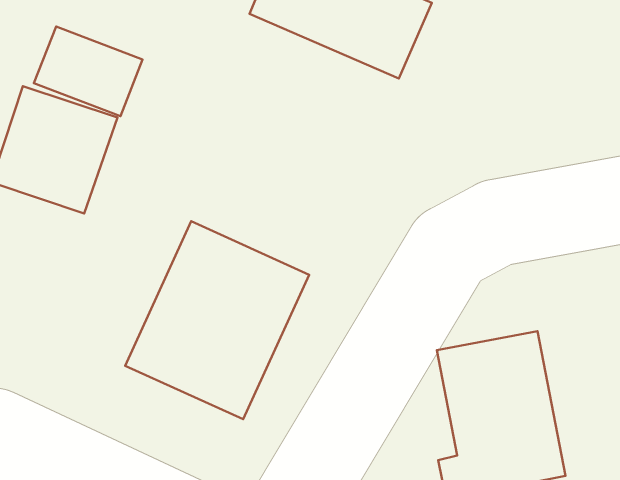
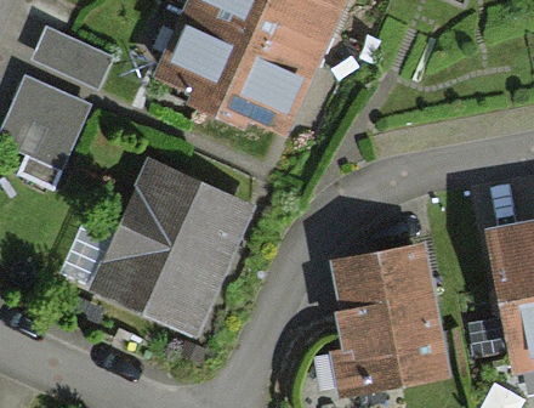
building: none -> [167,15,308,123]

